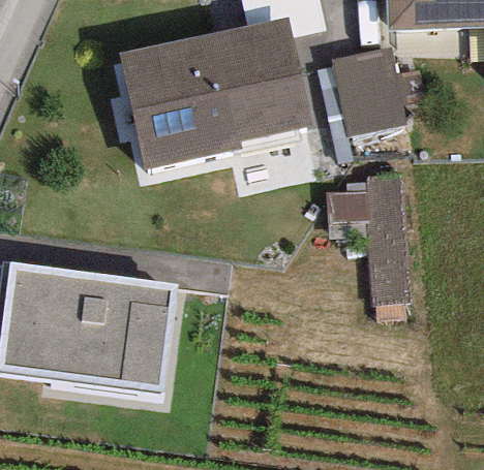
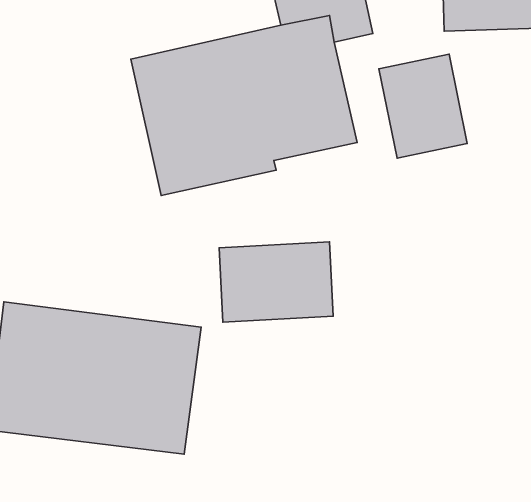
building: [323,175,407,306] -> none
building: none -> [219,242,333,322]

